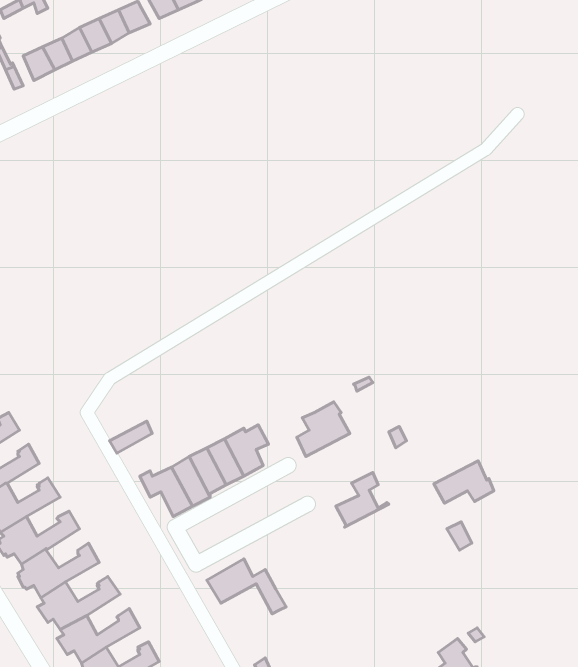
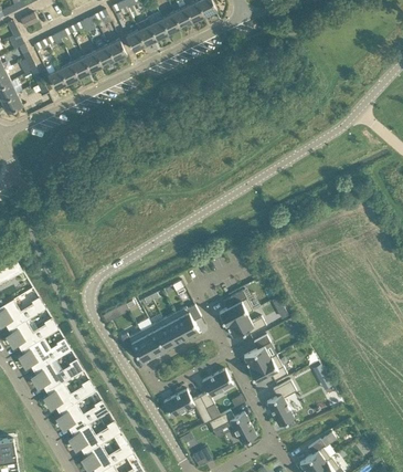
building: none -> [224,312,265,337]
building: [434,461,494,503] -> [248,356,286,382]
building: none -> [199,370,232,409]
building: none -> [266,381,296,427]
building: none -> [208,411,256,444]

